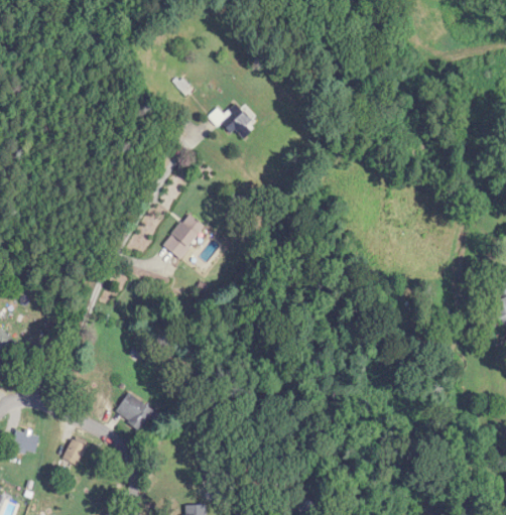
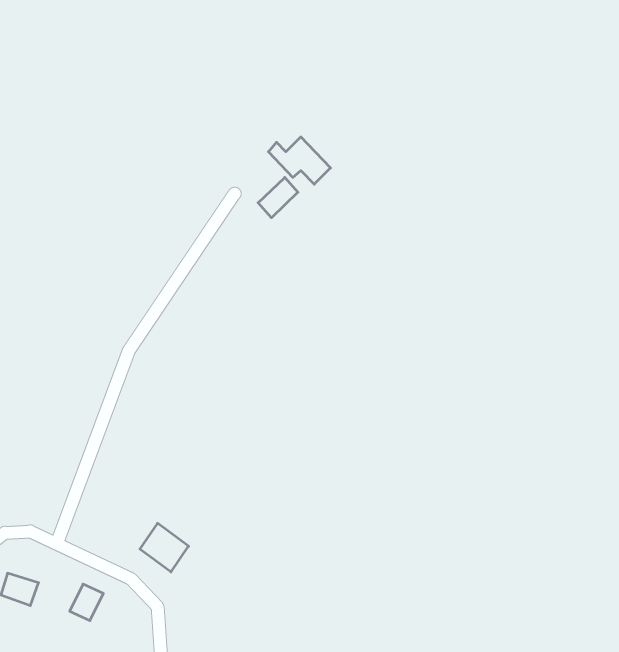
building: none -> [258,177,298,218]
building: [162,214,207,258] -> none

